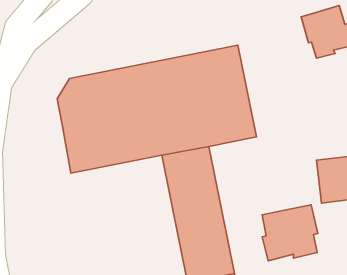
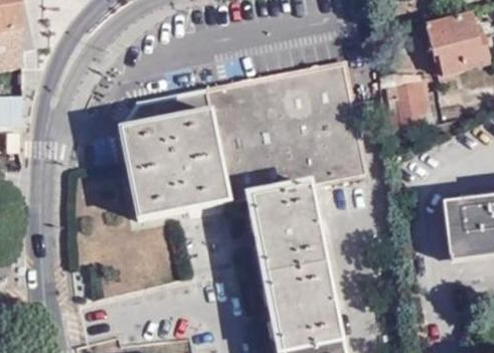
building: none -> [383,81,428,135]
building: [262,205,318,261] -> none

